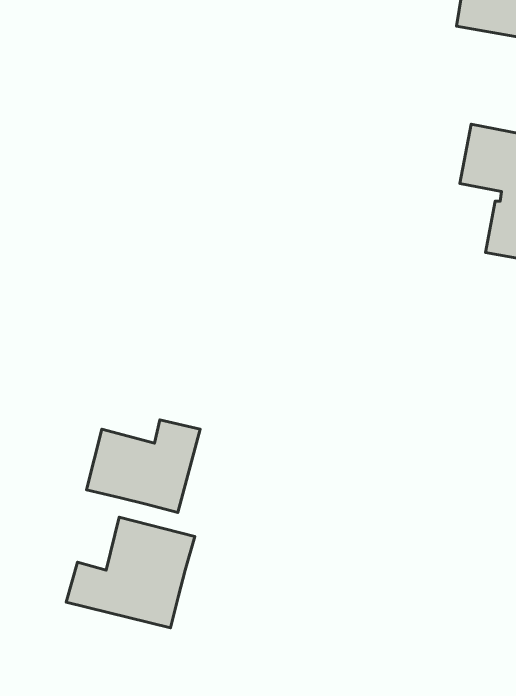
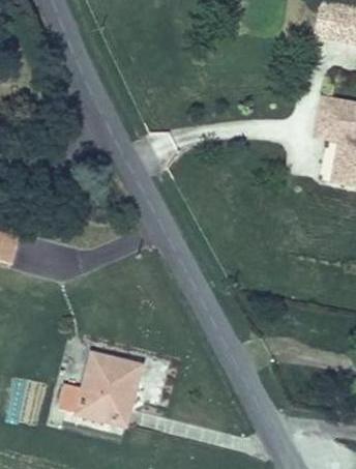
building: [87,420,200,513] -> none

